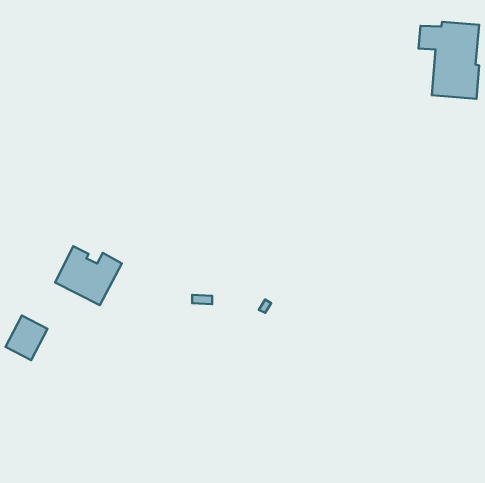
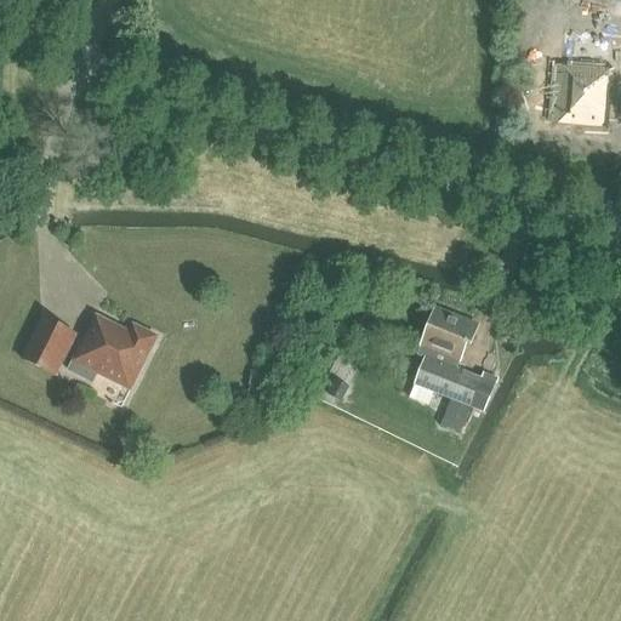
building: none -> [415,307,482,431]
building: [6,315,47,360] -> [21,317,74,374]

